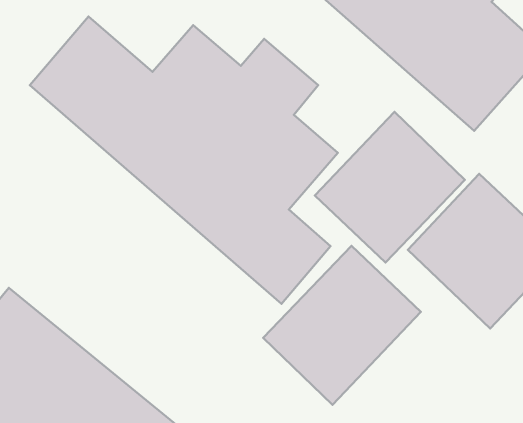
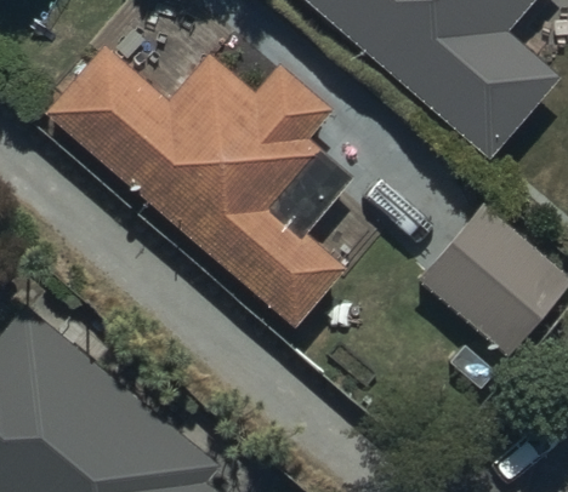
building: [315,112,465,262] -> none
building: [263,246,421,405] -> none

